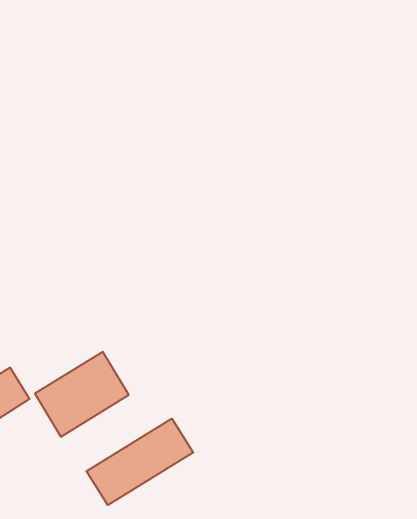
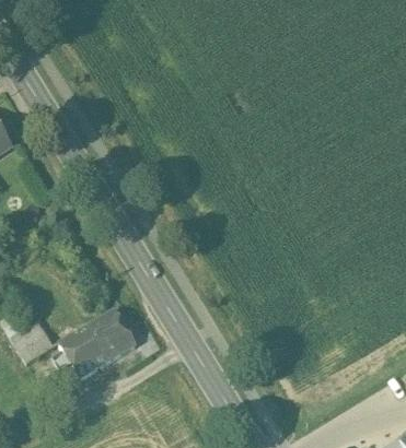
building: [86,419,193,505] -> none

